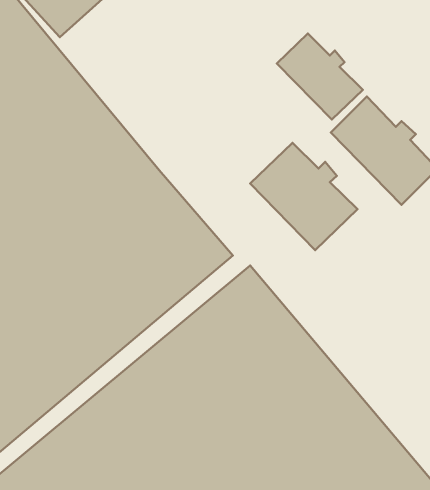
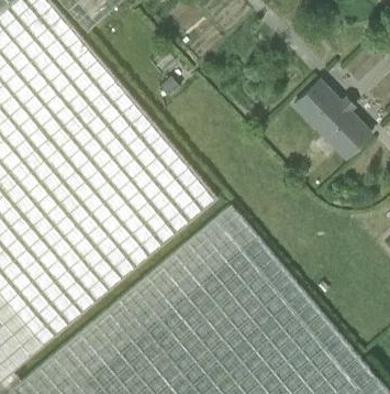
building: [277,34,363,119] -> none
building: [250,143,357,250] -> none

